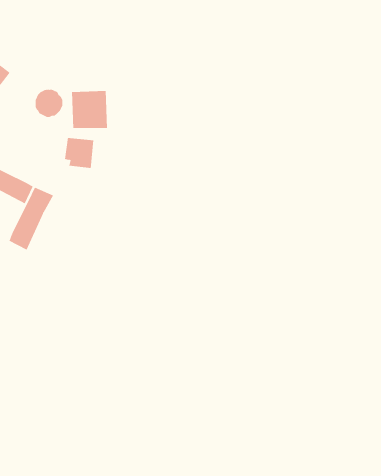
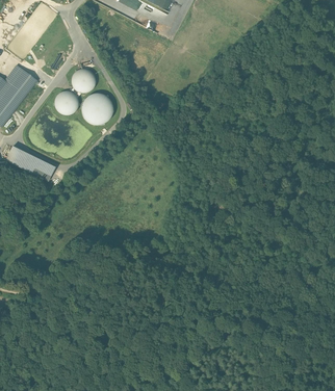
building: [64,137,94,169] -> [72,69,95,93]
building: [9,187,54,250] -> none

